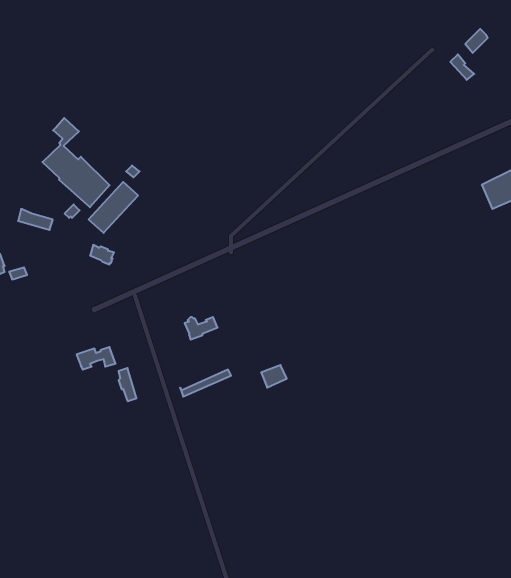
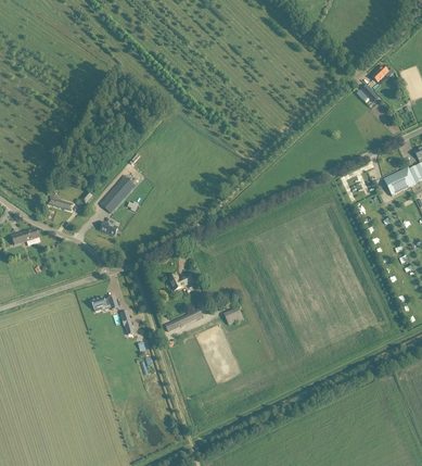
building: [42,118,110,207] -> none

